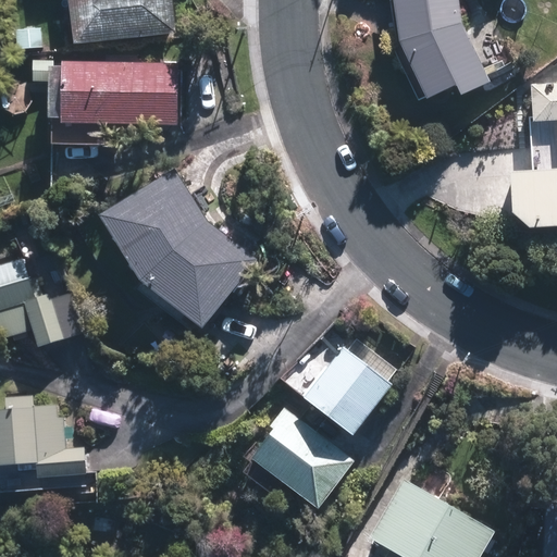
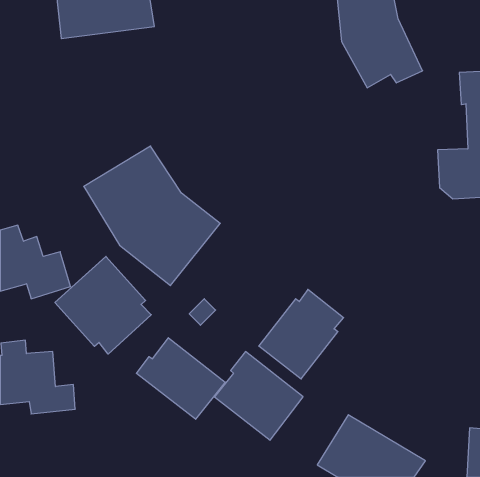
building: [60,63,174,123] -> none
building: none -> [55,256,151,354]
building: none -> [136,338,225,419]

